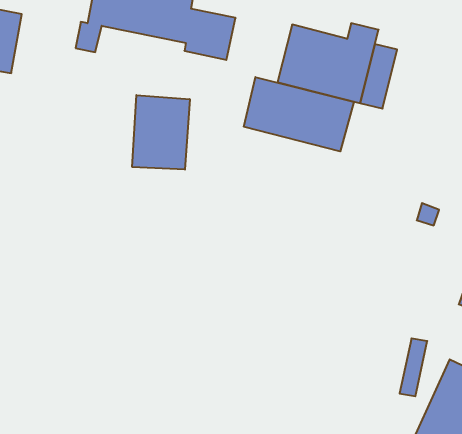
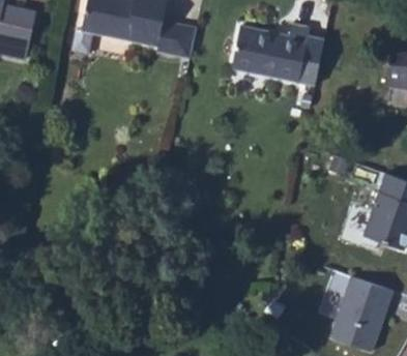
building: [244,77,354,151] -> none
building: [132,95,190,170] -> none

